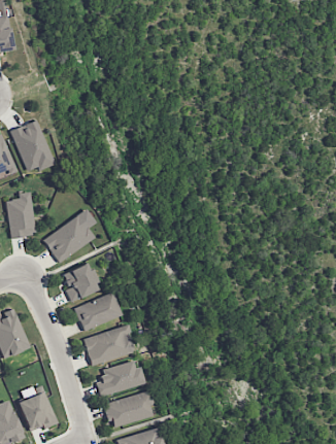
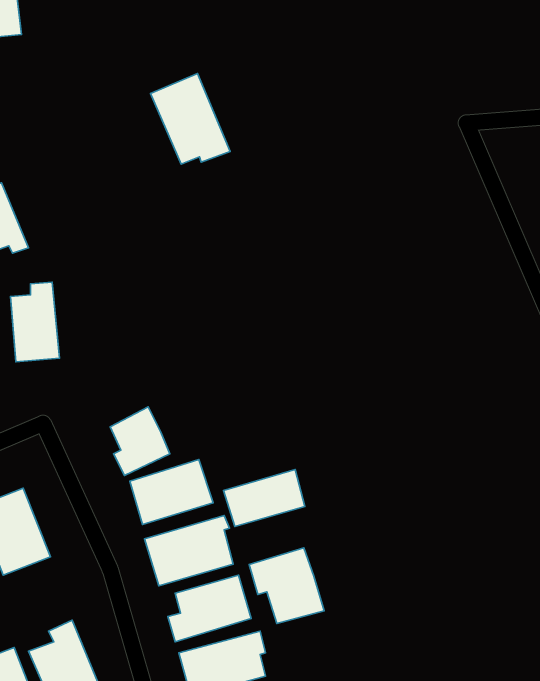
building: [10,119,56,171] -> [151,74,230,164]
building: [43,210,96,262] -> none
building: none -> [224,470,305,527]
building: none -> [249,548,324,624]

